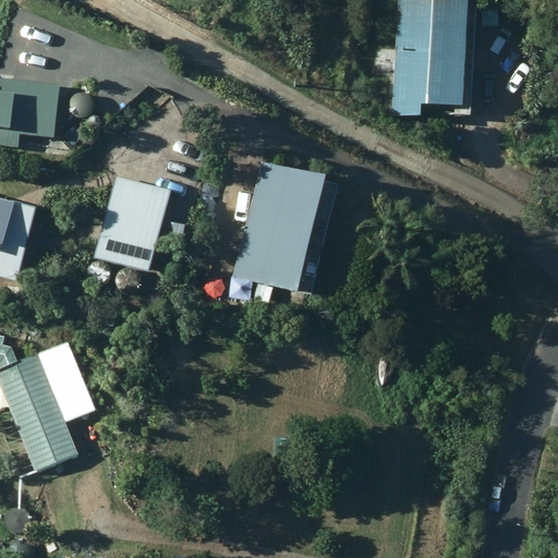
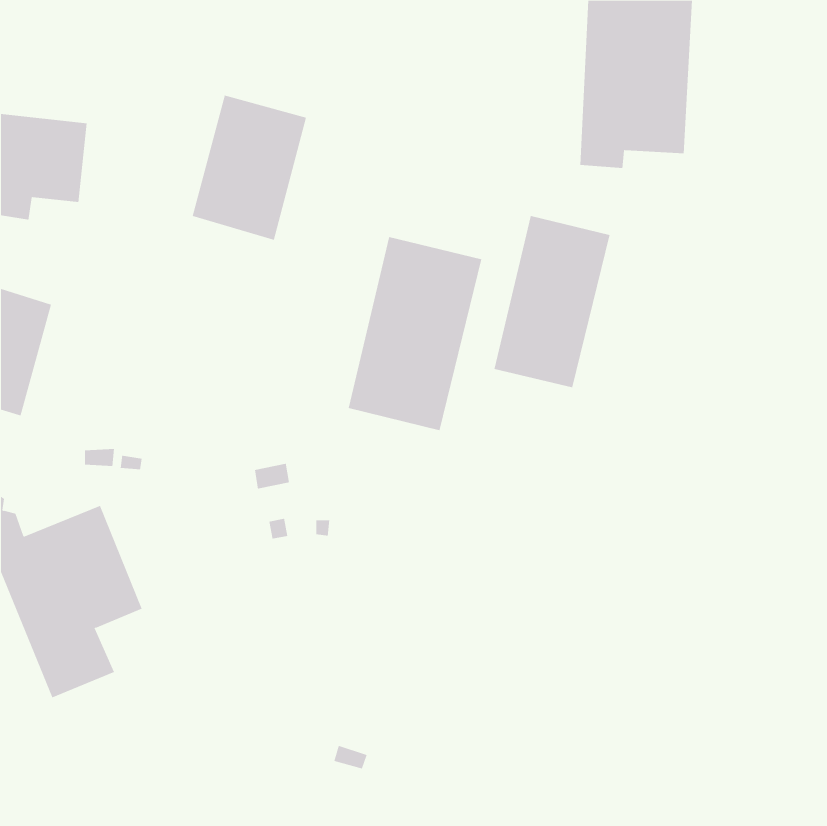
building: none -> [494,215,610,388]
building: [93,174,170,272] -> [192,95,307,240]

